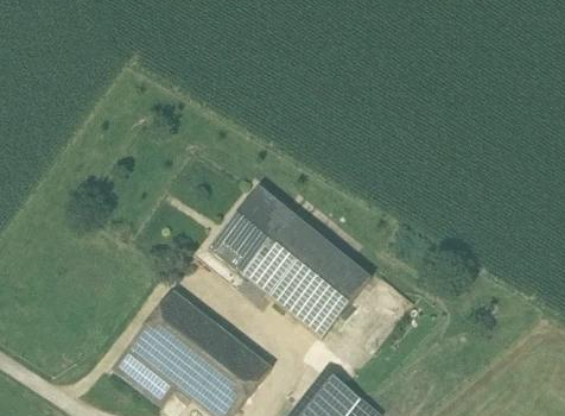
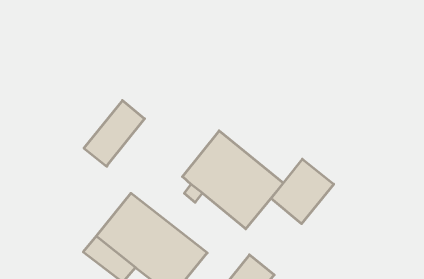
building: [210,187,288,272] -> [84,100,145,166]
building: none -> [271,159,334,224]

